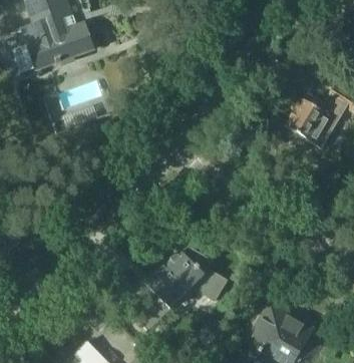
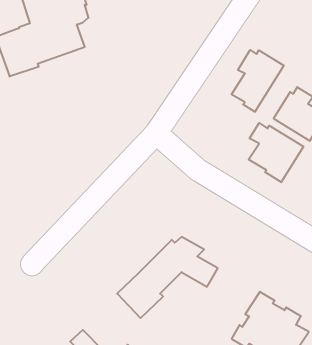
building: none -> [232,50,284,112]
building: none -> [249,123,303,182]

